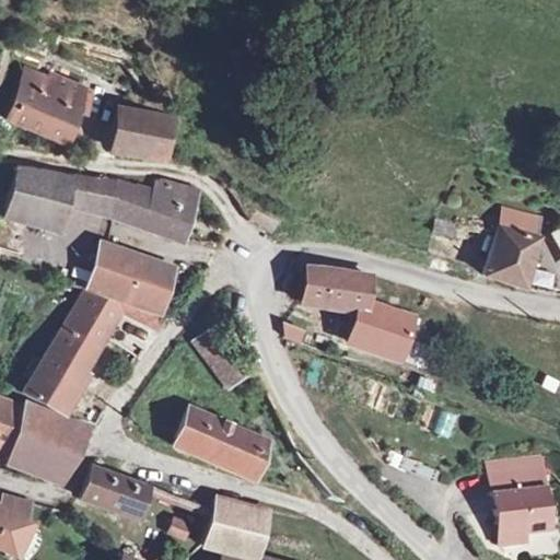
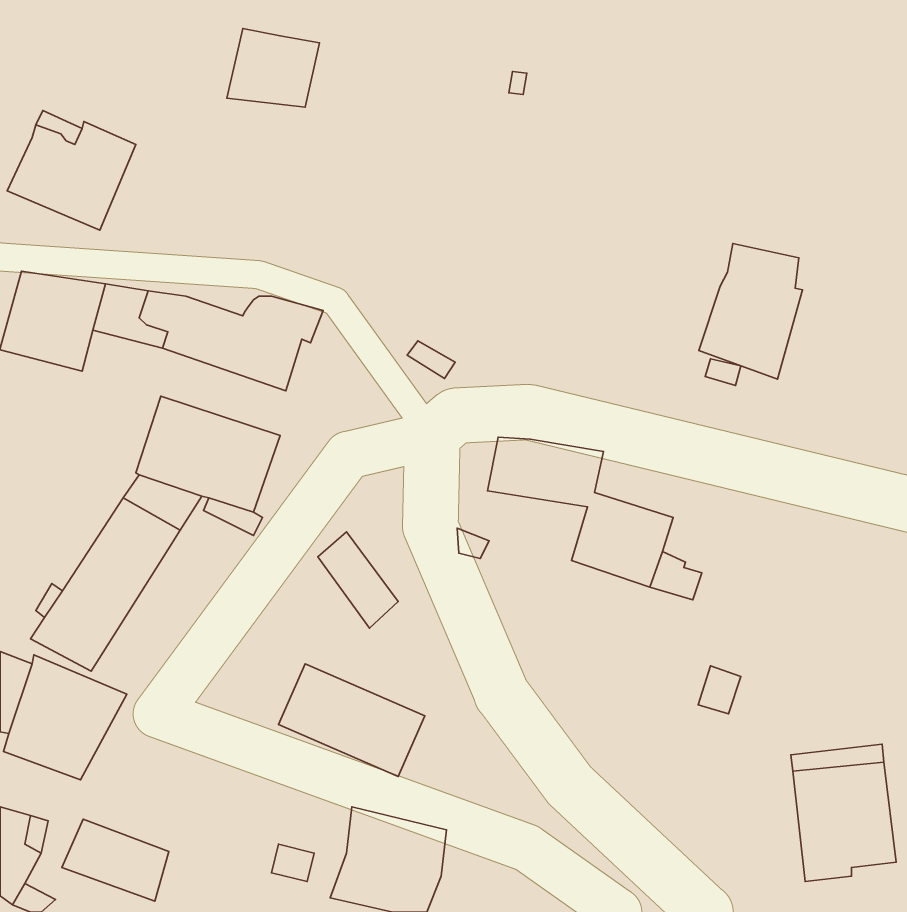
building: [118,109,175,158] -> [227,29,320,107]
building: [485,208,548,291] -> [699,243,802,379]
building: [80,467,145,517] -> [62,819,169,901]

